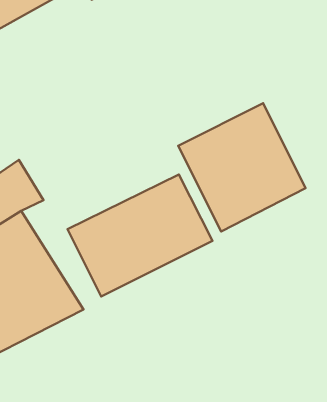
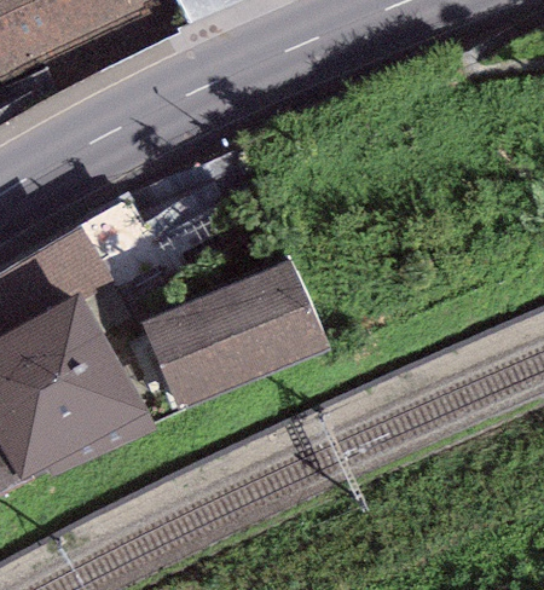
building: [178,103,305,231] -> none

